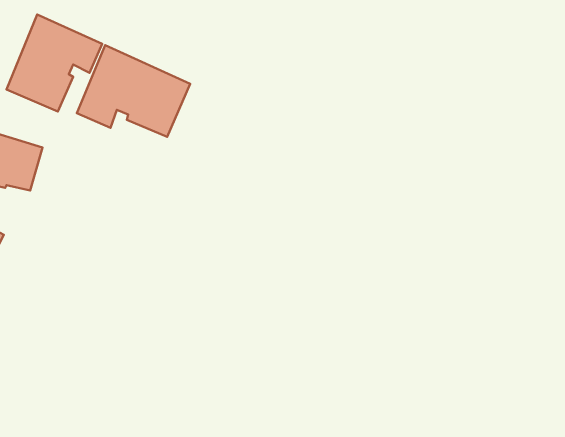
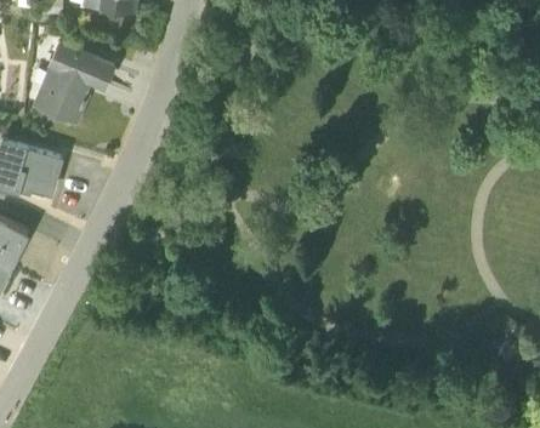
building: [77,45,190,137] -> none

